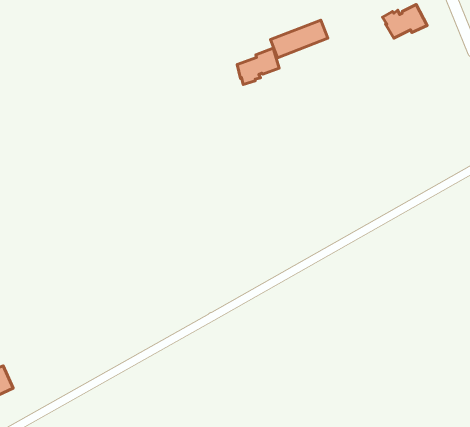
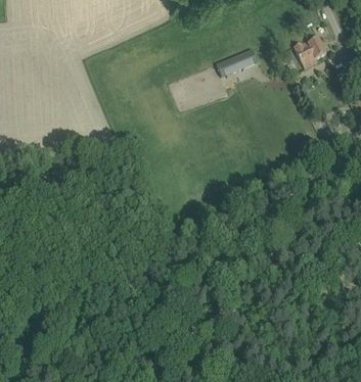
building: [237,48,279,85] -> none

